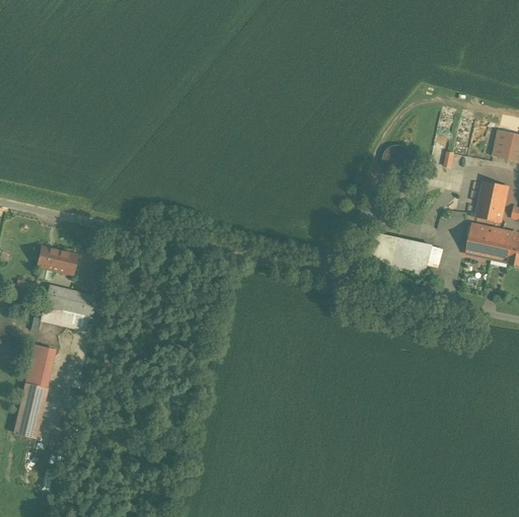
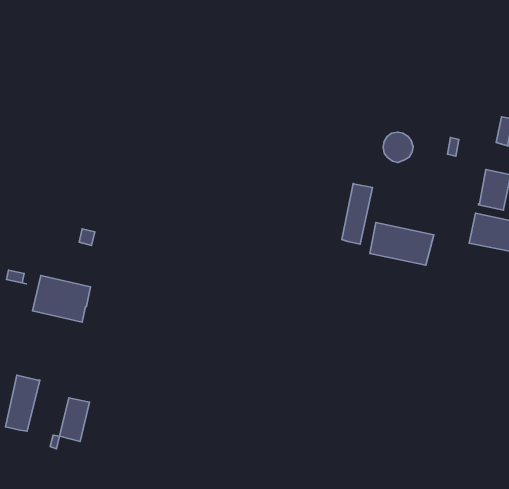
building: none -> [342,183,373,244]
building: [39,246,77,274] -> none
building: [26,345,56,387] -> [59,398,90,441]

